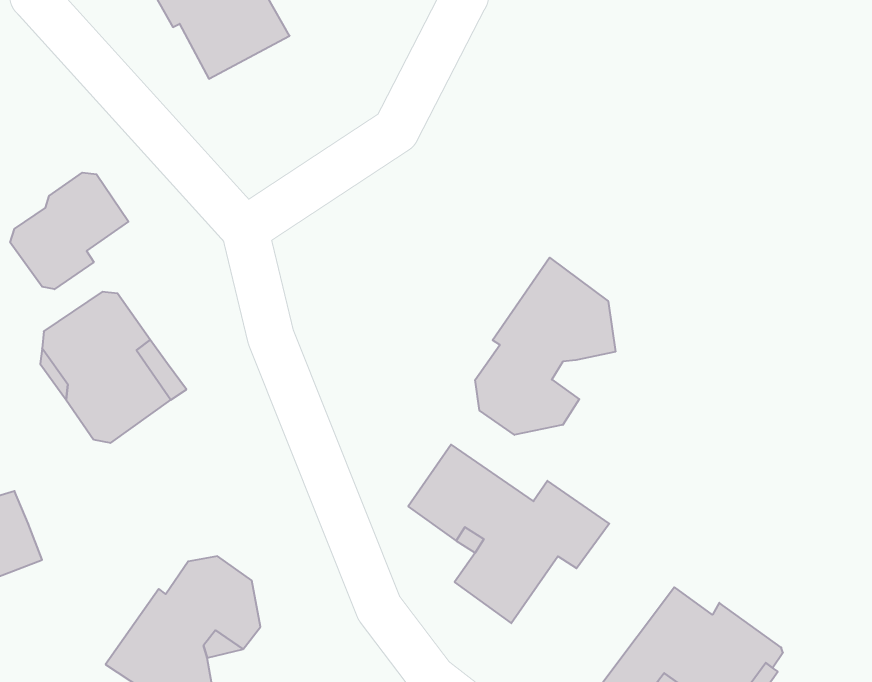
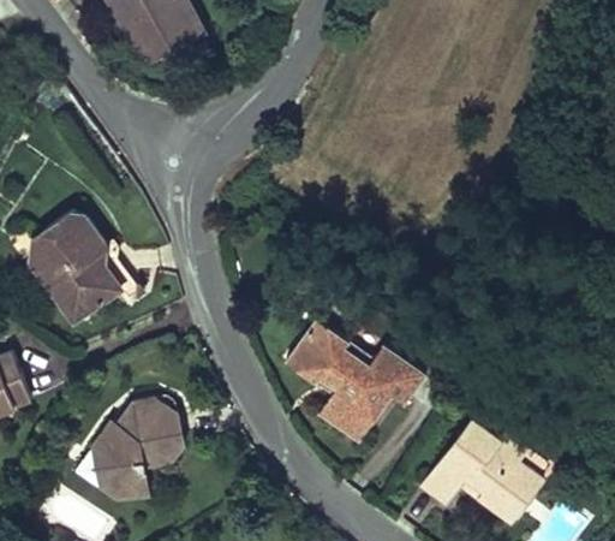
building: [10,173,128,289] -> none
building: [475,258,615,435] -> none

